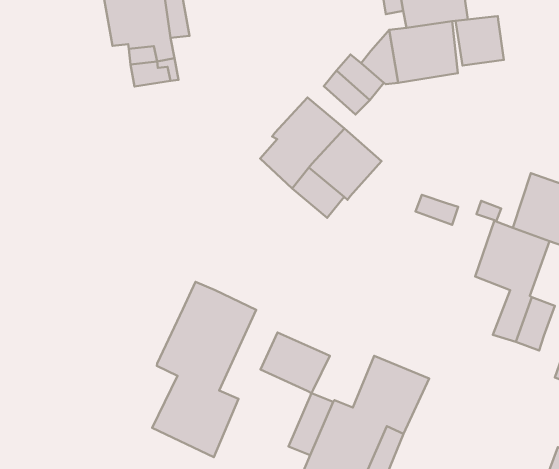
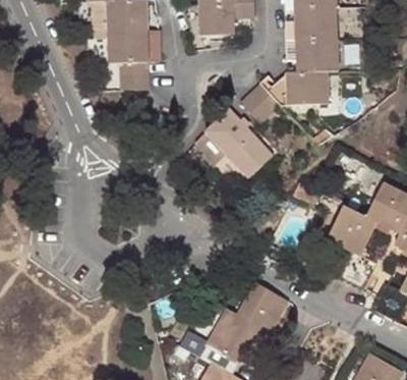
building: [456,16,504,66] -> none
building: [152,282,256,457] -> none
building: [261,333,330,393] -> none

